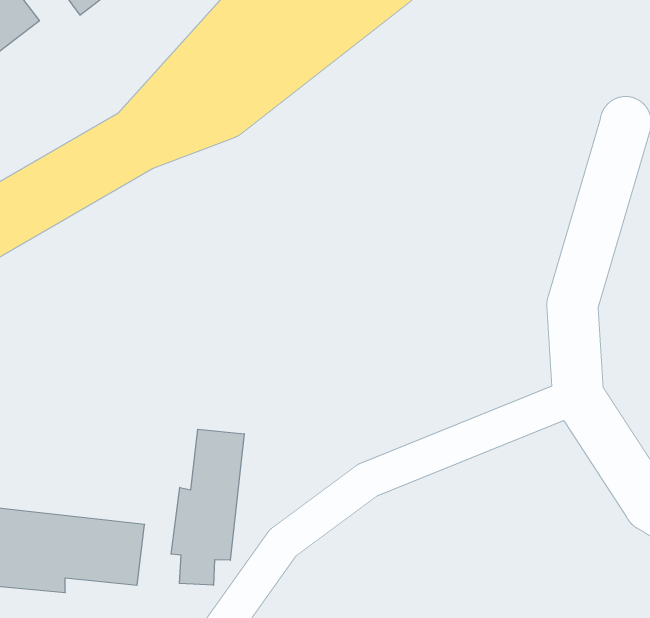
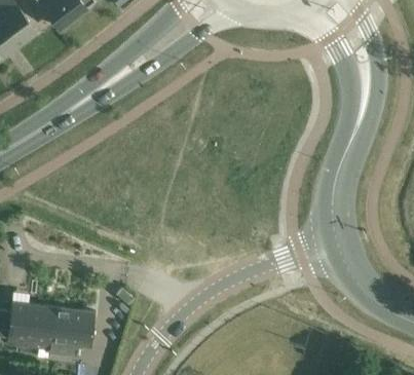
building: [171,429,244,585] -> none

